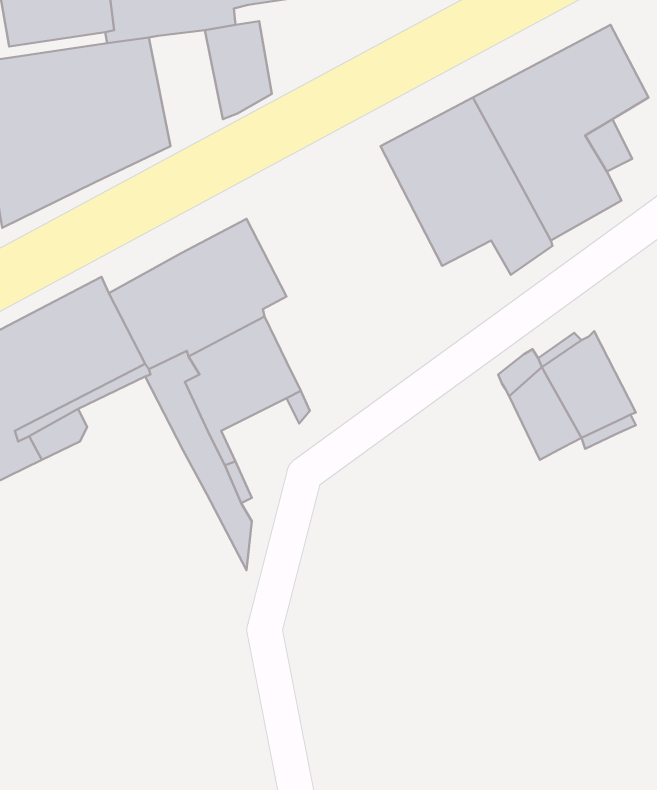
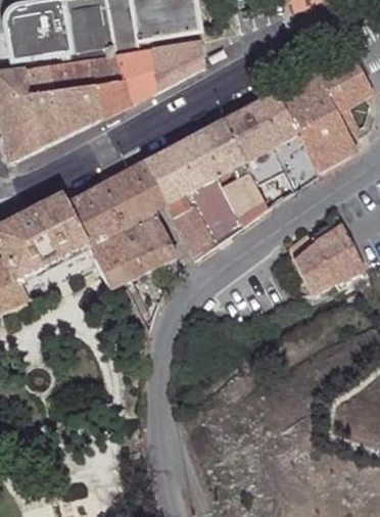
building: none -> [152,41,203,89]
building: none -> [90,53,132,119]
building: none -> [145,119,267,259]

